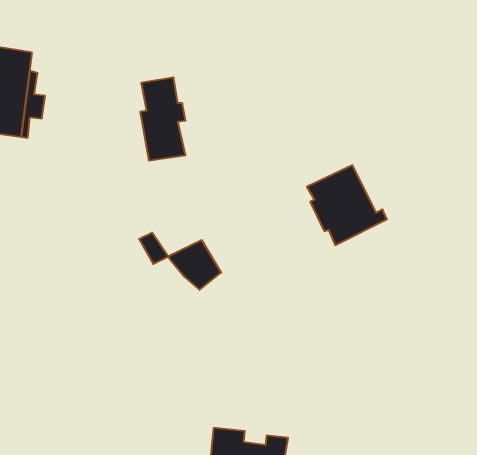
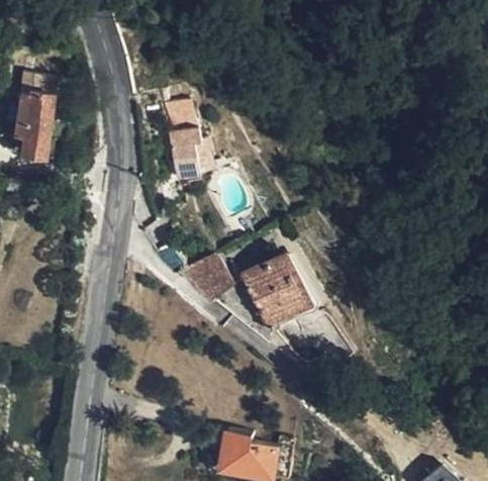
building: [307,165,387,245] -> [240,255,315,329]

